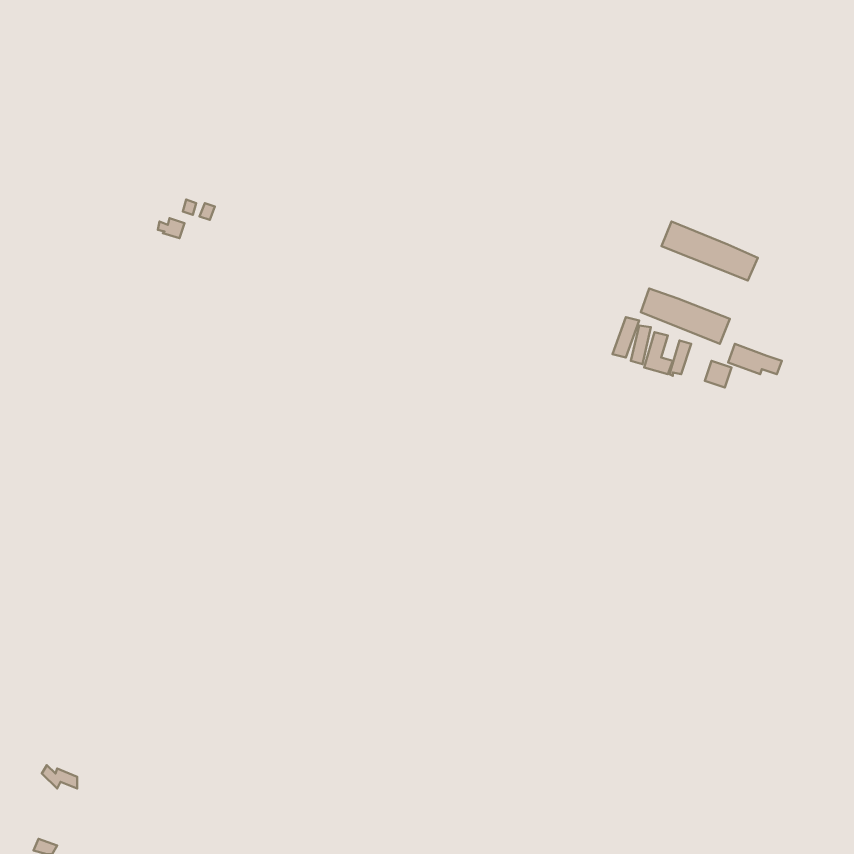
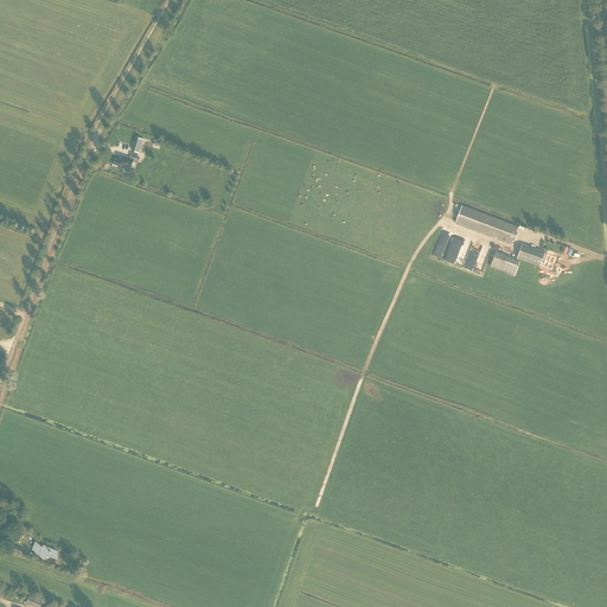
building: [662,221,758,280] -> none

